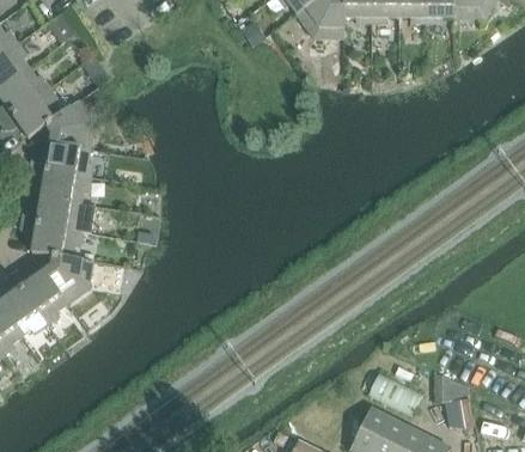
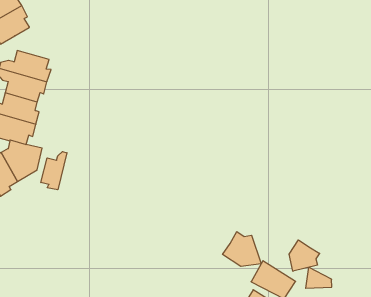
building: [44,99,94,149] -> none
building: none -> [41,152,67,190]
building: none -> [223,232,261,266]
building: none -> [289,240,320,271]

